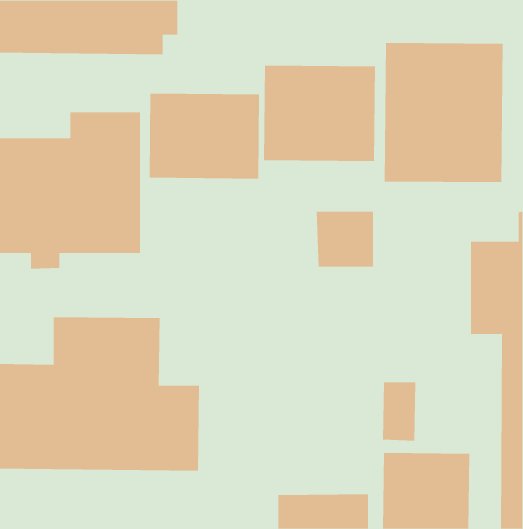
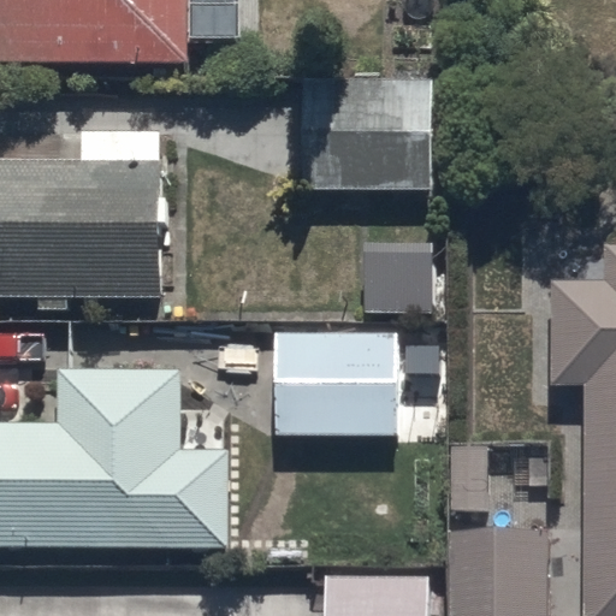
building: [384,42,503,183] -> none
building: [149,93,259,179] -> none
building: none -> [274,331,399,434]

